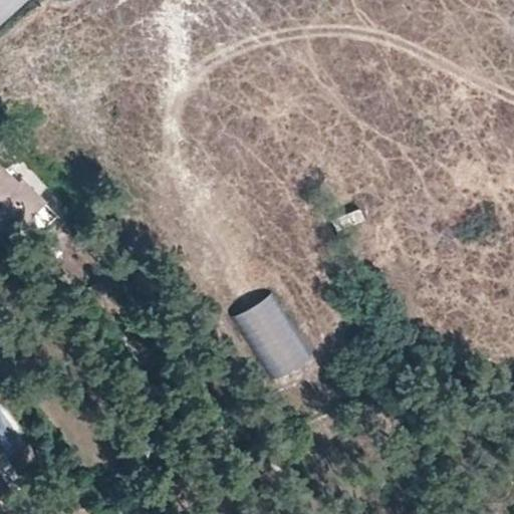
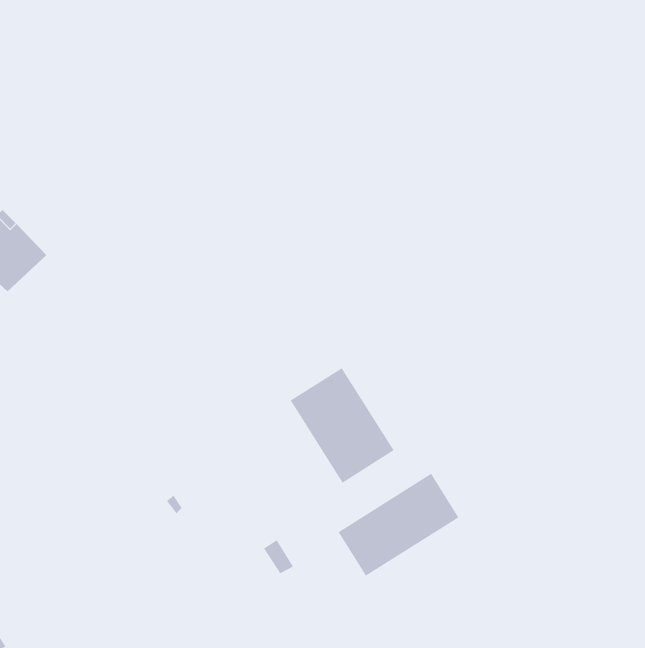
building: none -> [338,473,459,577]

